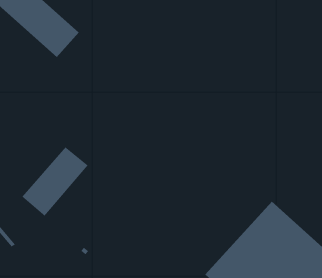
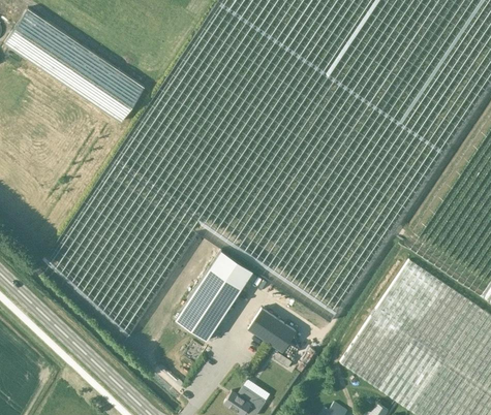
building: [21,146,89,217] -> [176,250,253,340]
building: none -> [248,308,297,352]

